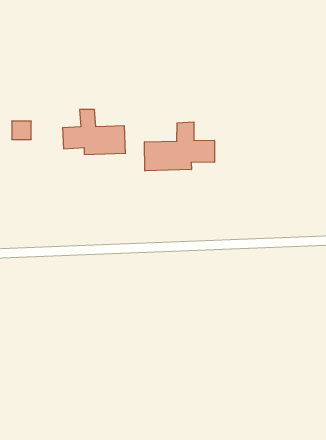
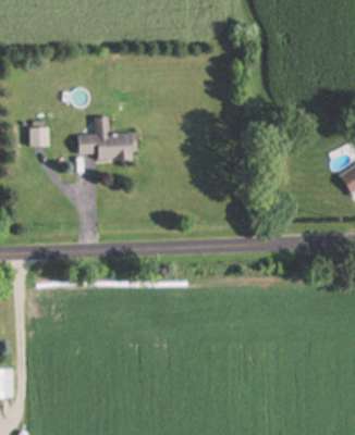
building: [145,122,214,171] -> none

